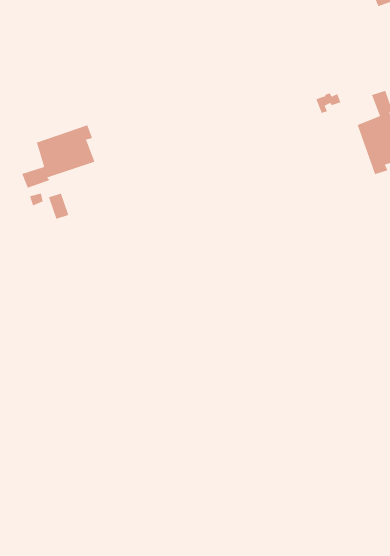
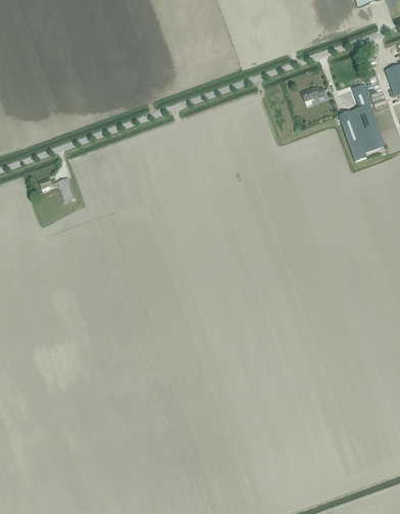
building: [22,124,95,189] -> none

